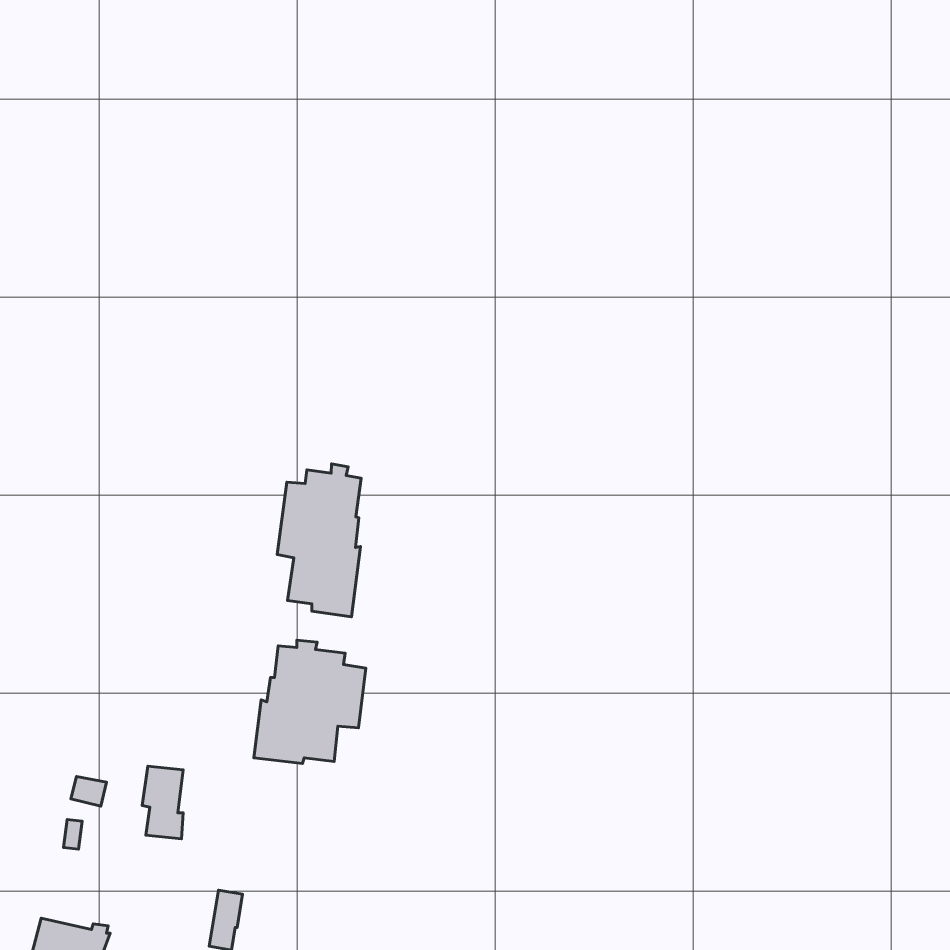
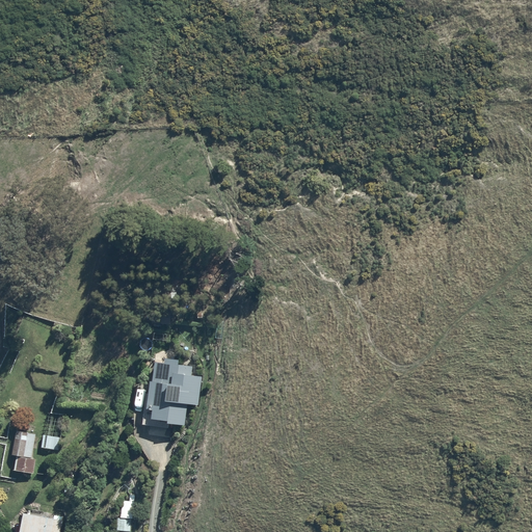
building: [277,464,361,617] -> none
building: [142,766,183,839] -> [11,432,34,473]

